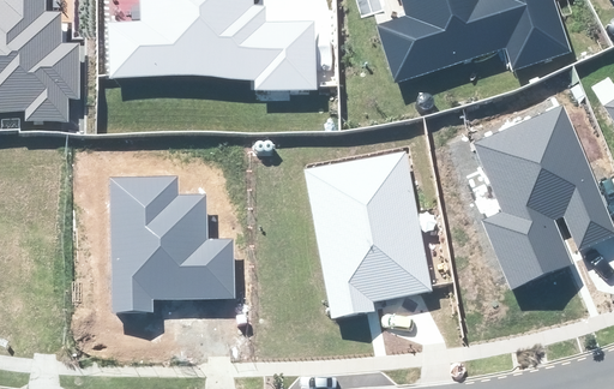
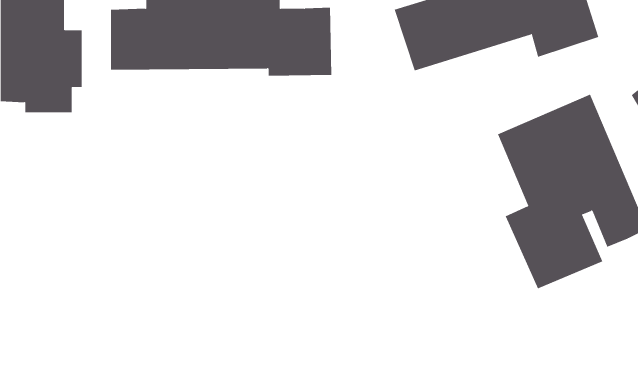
building: [303,149,433,318] -> none
building: [109,174,234,312] -> none

